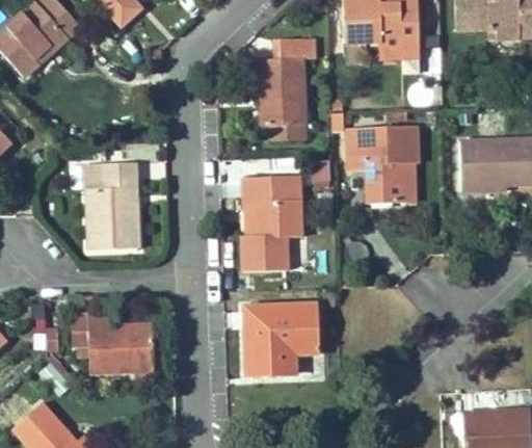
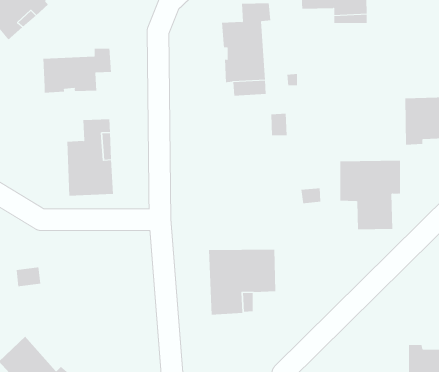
building: none -> [43,48,112,93]
building: [348,126,416,203] -> [339,160,401,230]
building: [242,177,302,270] -> none
building: [71,318,154,372] -> none

